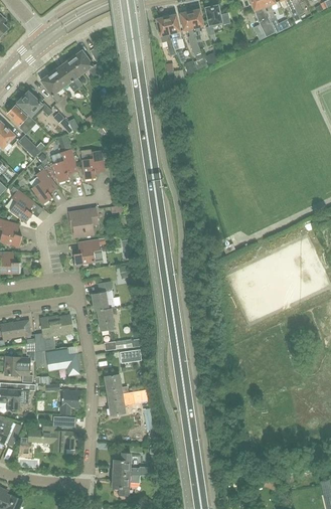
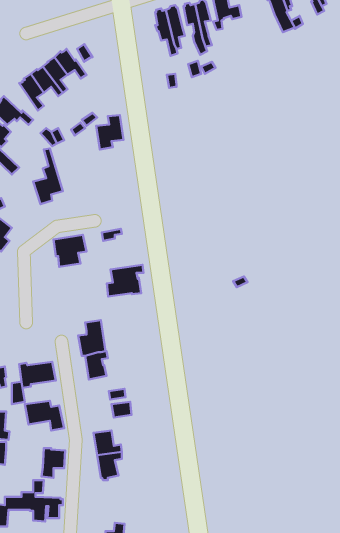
building: [82,150,106,179] -> [96,115,123,149]
building: [32,164,57,203] -> none
building: [74,237,106,265] -> [107,265,144,297]

